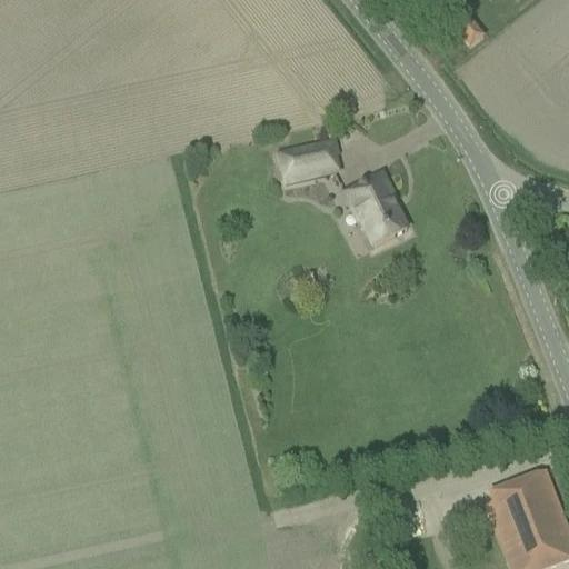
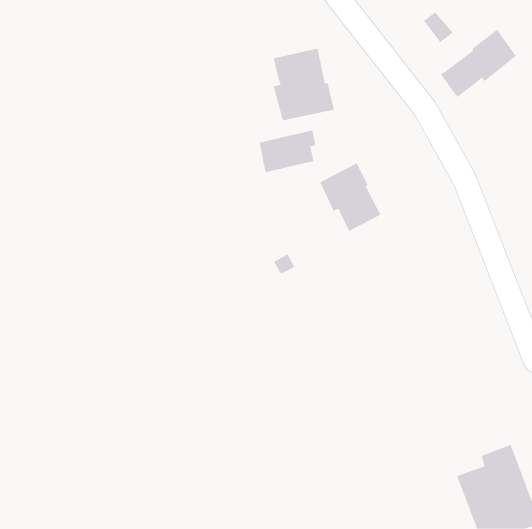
building: none -> [440,29,517,98]
building: none -> [273,48,334,121]

